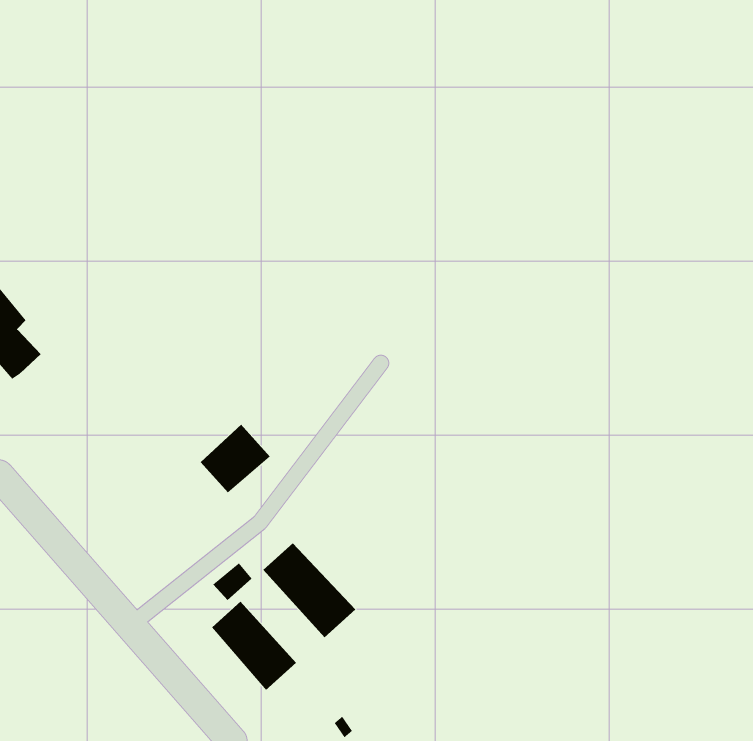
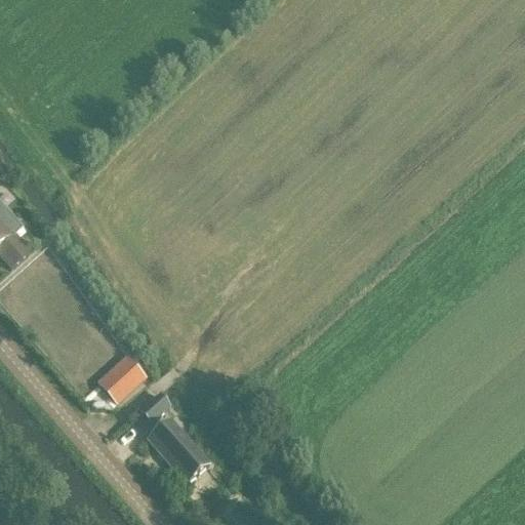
building: [200,424,271,493] -> [102,351,151,399]
building: [263,543,356,638] -> none

